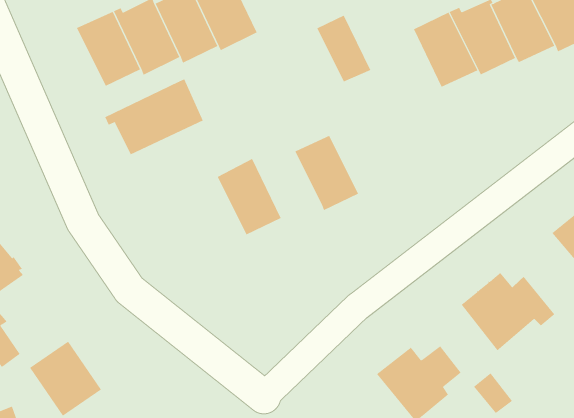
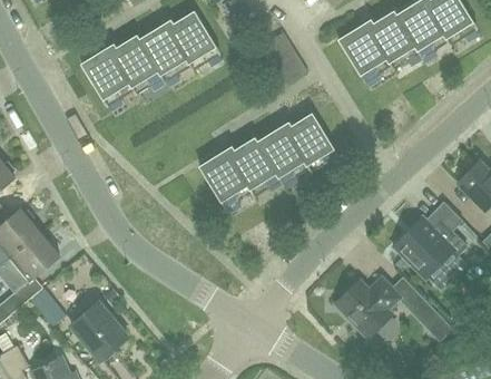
building: [105,79,204,155] -> none
building: none -> [282,113,337,172]
building: none -> [225,136,281,196]

